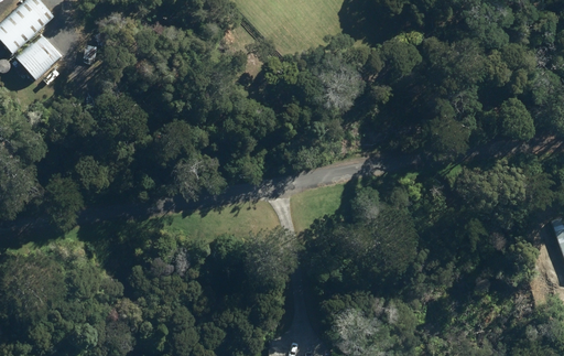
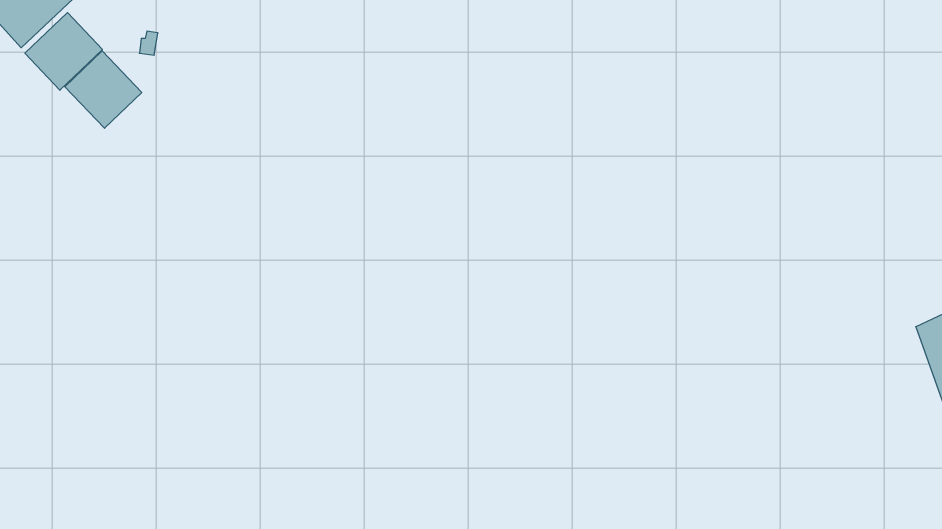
building: none -> [65,51,142,128]

